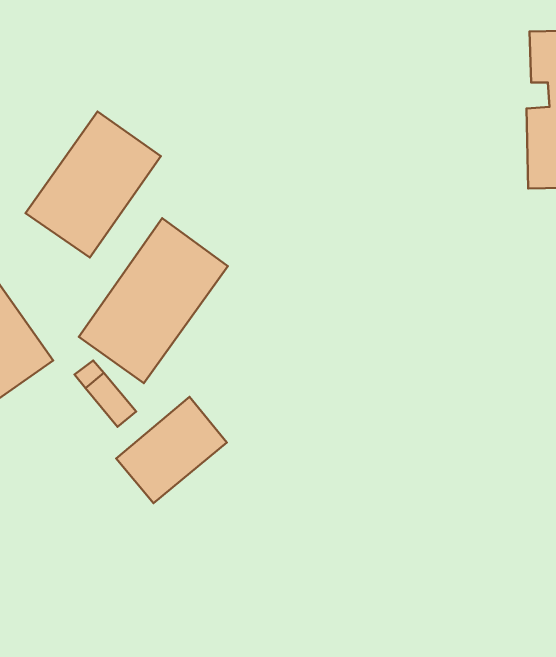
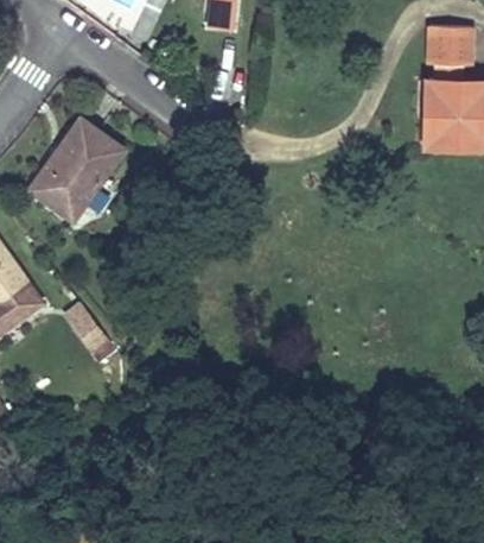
building: [79,218,228,383] -> none
building: [116,397,227,503] -> none

